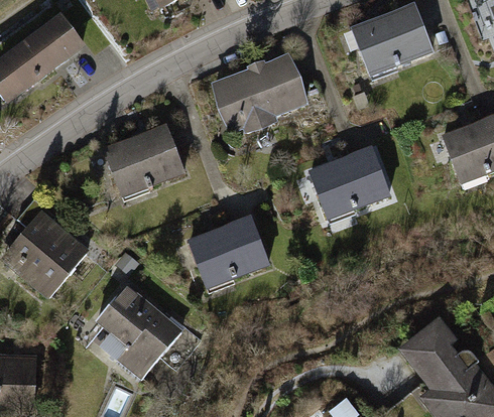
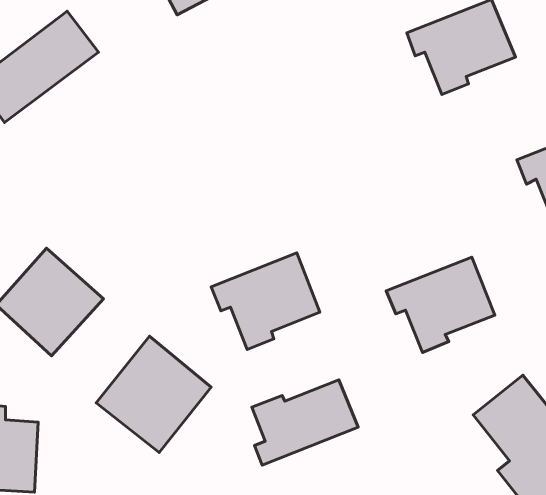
building: [208,51,312,134] -> none
building: [95,124,186,203] -> none
building: [301,145,392,225] -> [386,257,495,353]
building: none -> [252,380,358,465]

